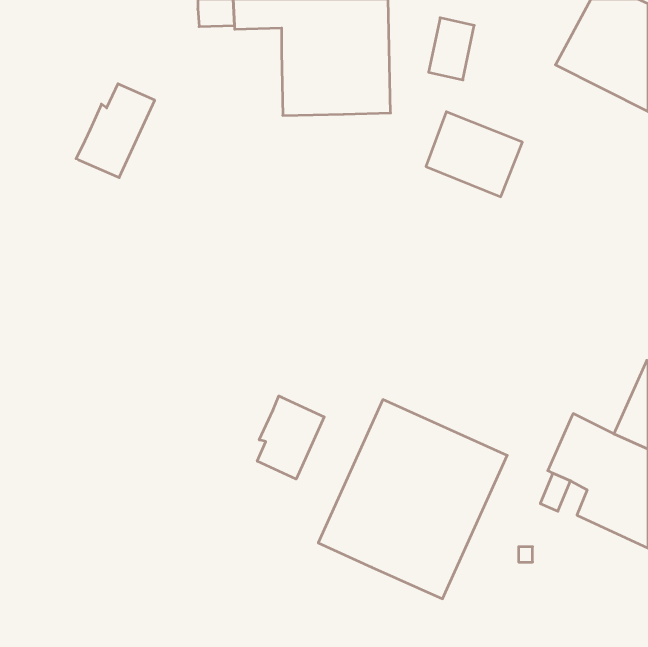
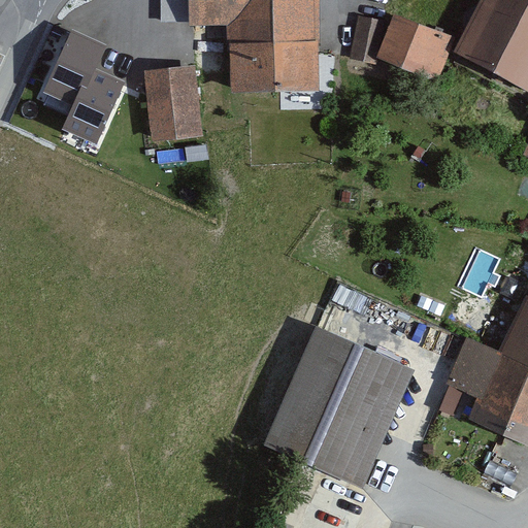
building: none -> [43,30,106,105]
building: none -> [145,66,203,140]
building: [426,112,522,197] -> [376,12,455,81]
building: [257,396,324,479] -> none

